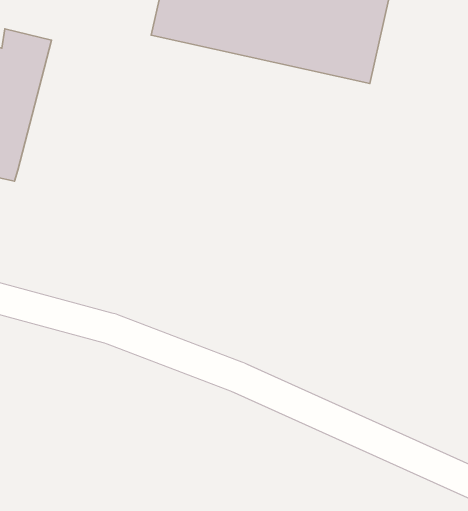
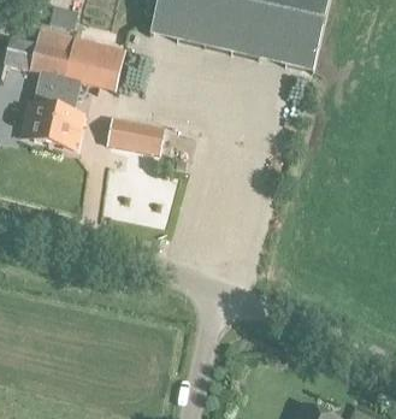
building: none -> [47,35,125,148]
building: none -> [118,118,165,154]

